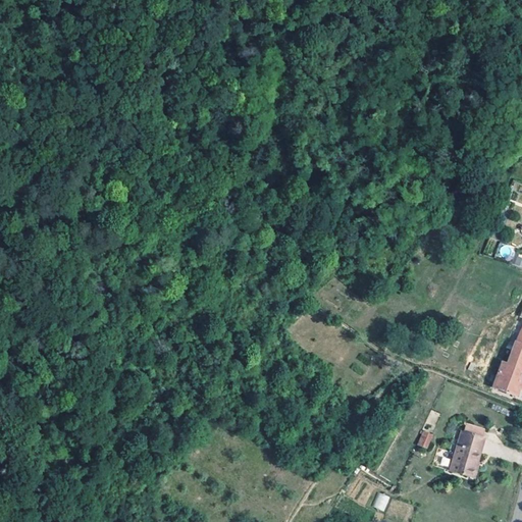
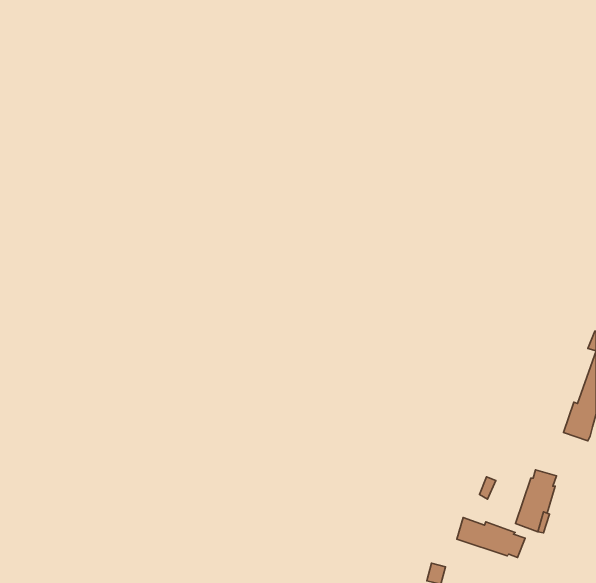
building: none -> [457,517,525,557]

